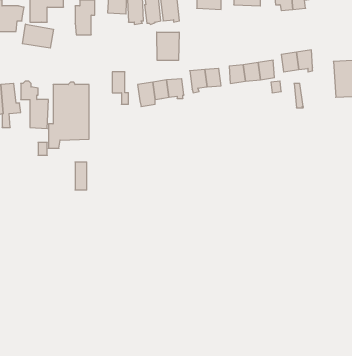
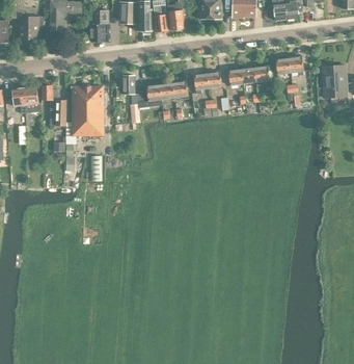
building: [22,24,53,48] -> none
building: [157,32,179,60] -> none

